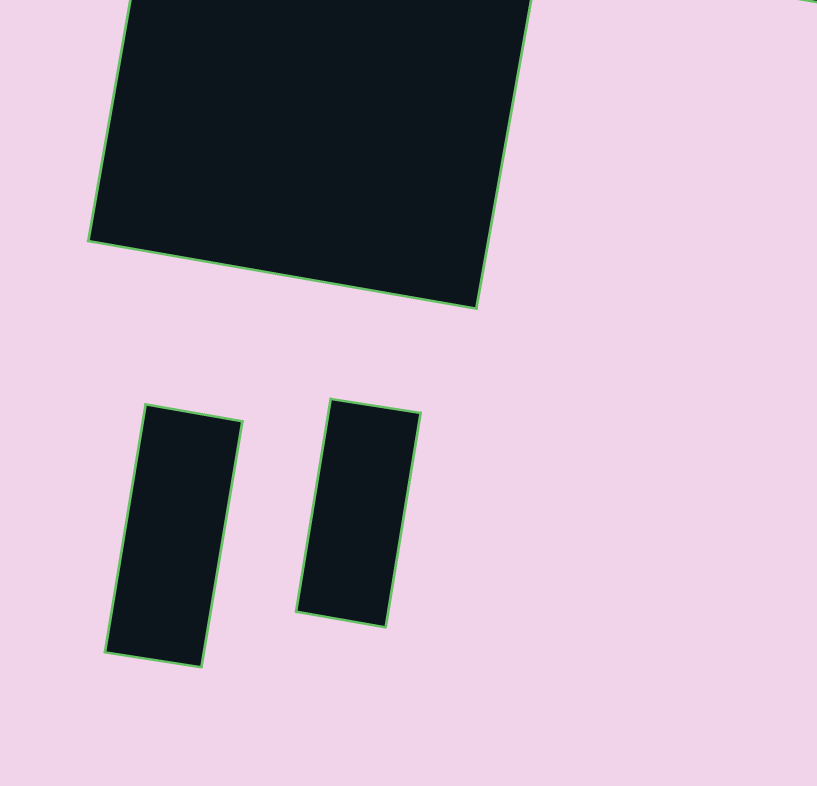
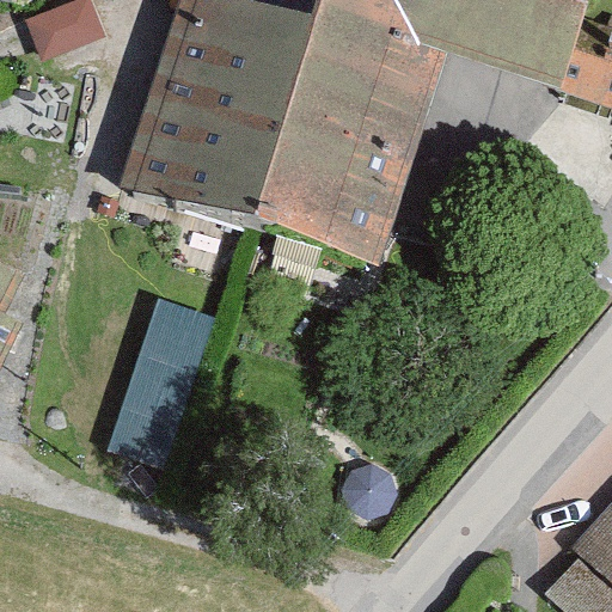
building: [296,399,421,627] -> none

